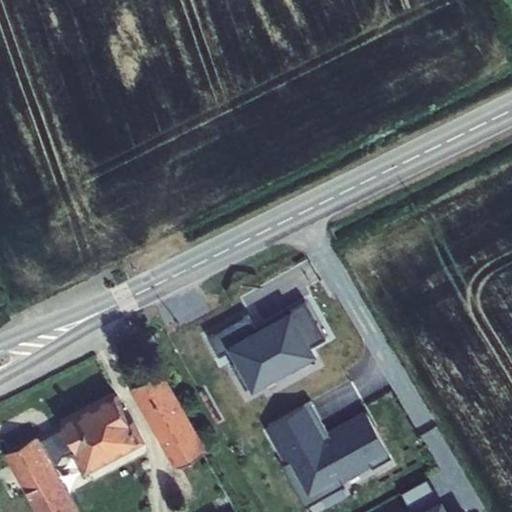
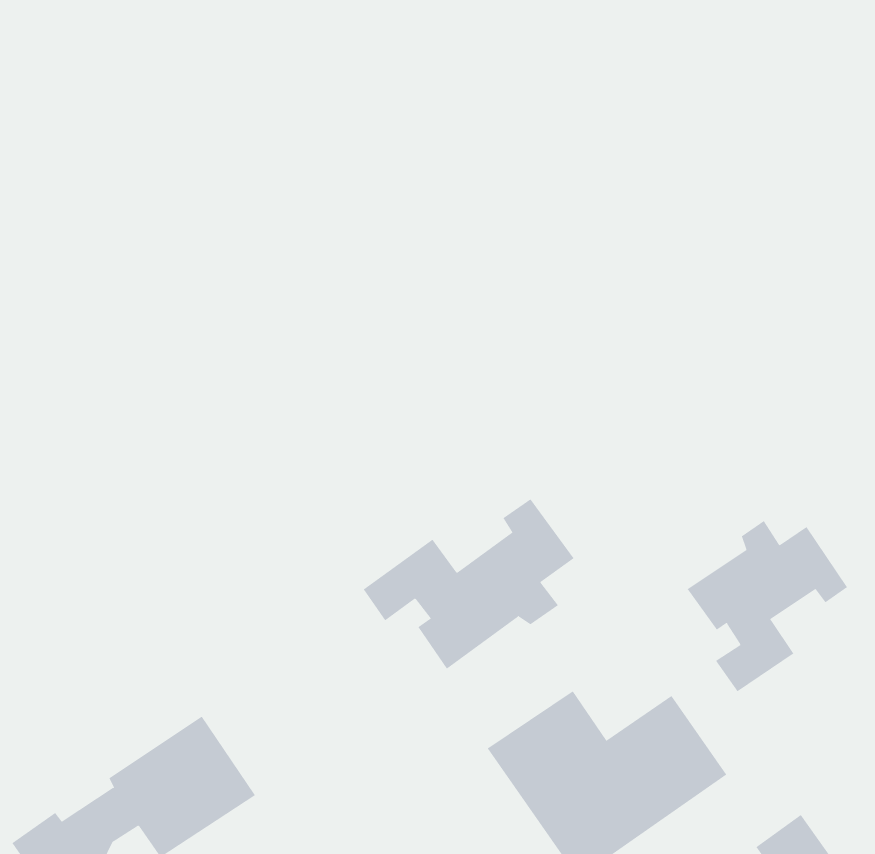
building: none -> [687,520,848,692]
building: [133,376,204,469] -> none

